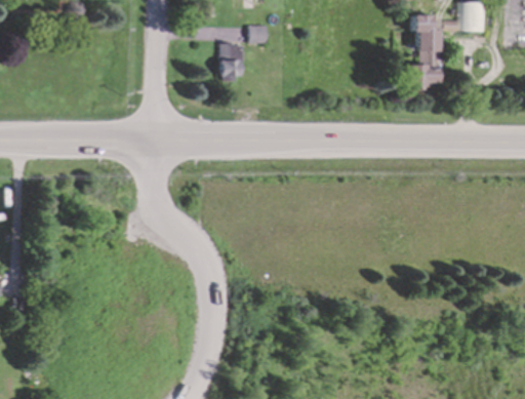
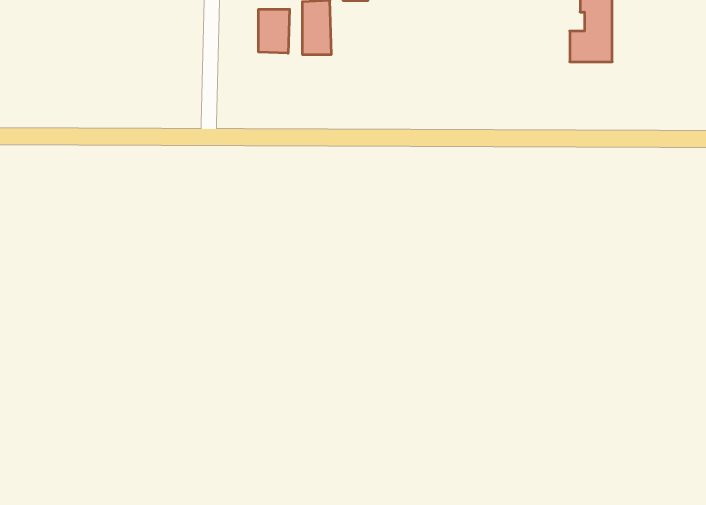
building: none -> [259,9,290,53]

